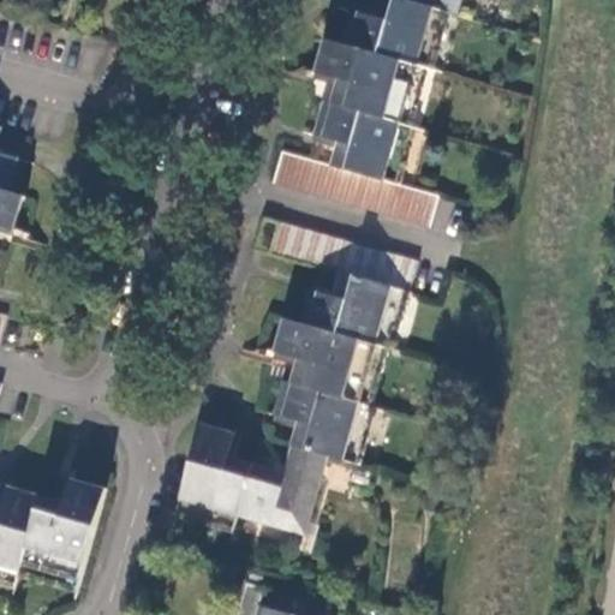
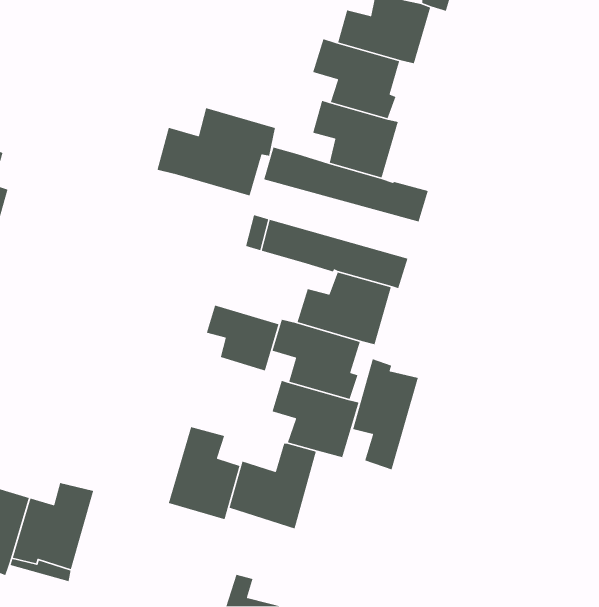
building: none -> [157,107,276,197]
building: none -> [206,304,280,371]
building: none -> [352,358,419,471]

